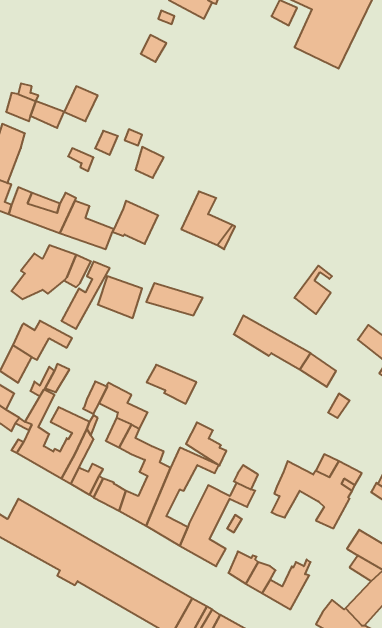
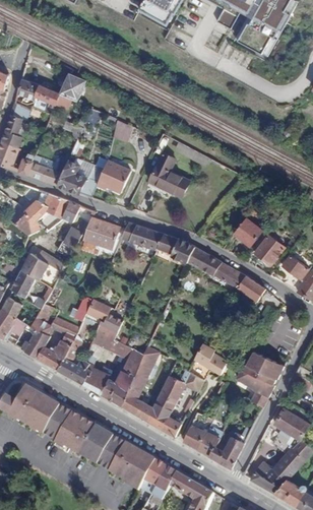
building: none -> [253,225,284,264]
building: [147,365,196,404] -> [156,234,194,263]
building: [186,422,226,466] -> [194,343,225,376]

